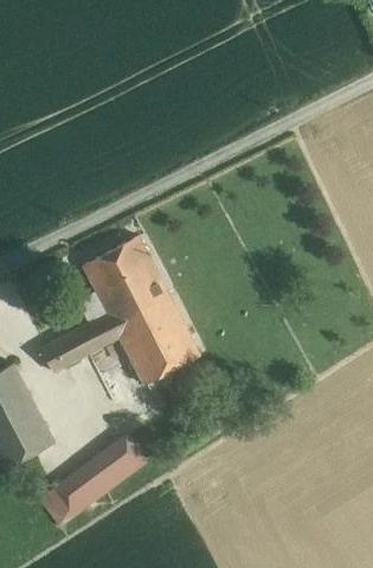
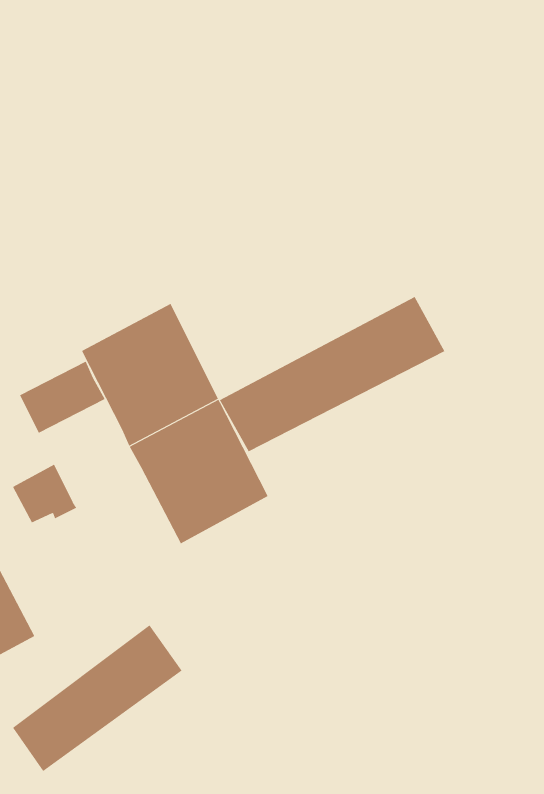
building: none -> [219,296,445,452]
building: [66,313,120,358] -> [19,361,105,434]

